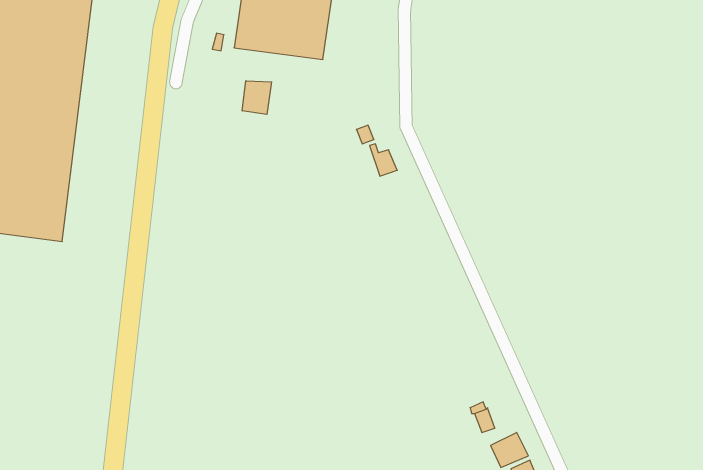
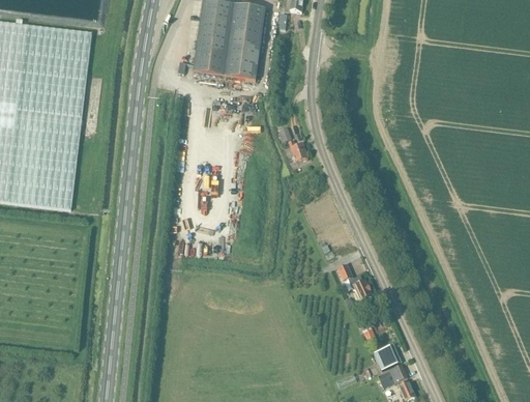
building: [242,81,272,114] -> none
building: none -> [337,263,371,300]

